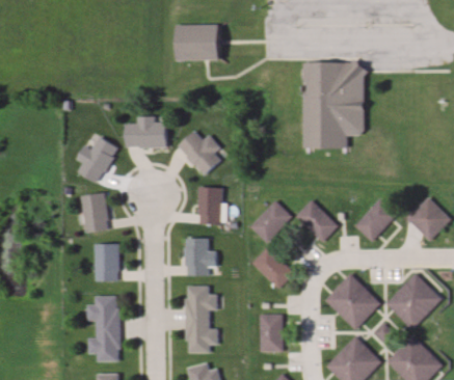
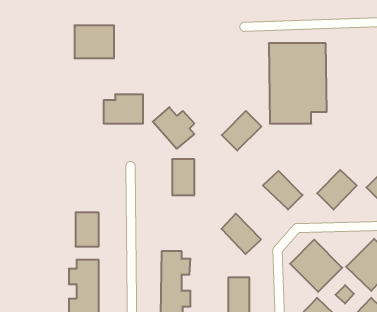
building: [176,25,218,60] -> [74,25,114,58]
building: [77,135,118,185] -> none
building: [81,192,110,234] -> none
building: [250,199,293,242] -> [222,111,261,151]
building: [186,238,217,275] -> none

